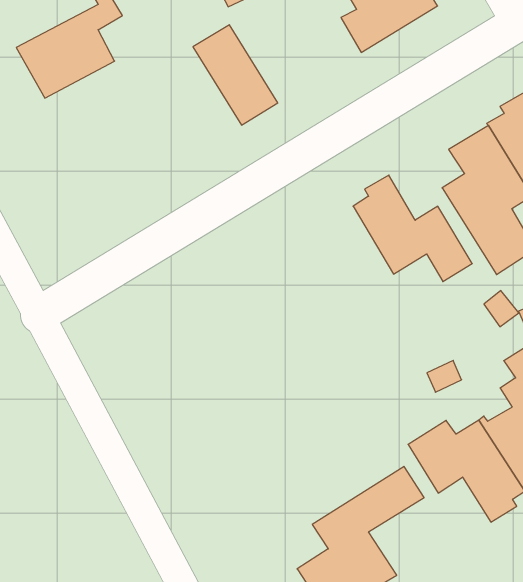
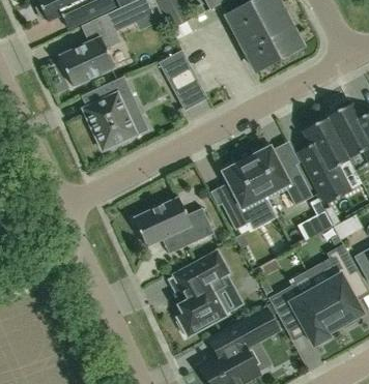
building: none -> [84,76,137,149]
building: none -> [221,158,267,229]
building: none -> [134,197,215,245]
building: none -> [173,252,230,333]

